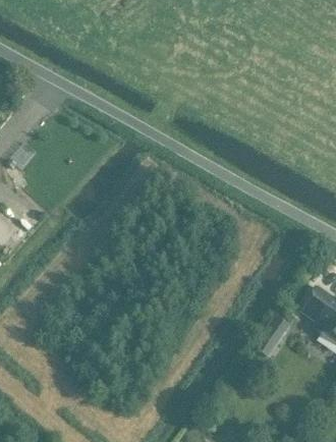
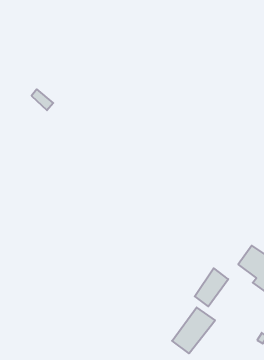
building: none -> [172,307,215,353]

